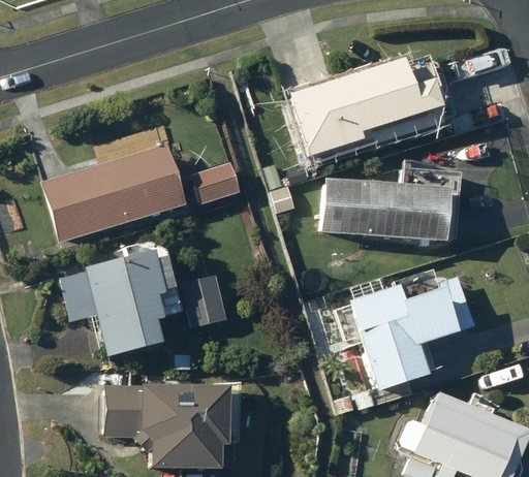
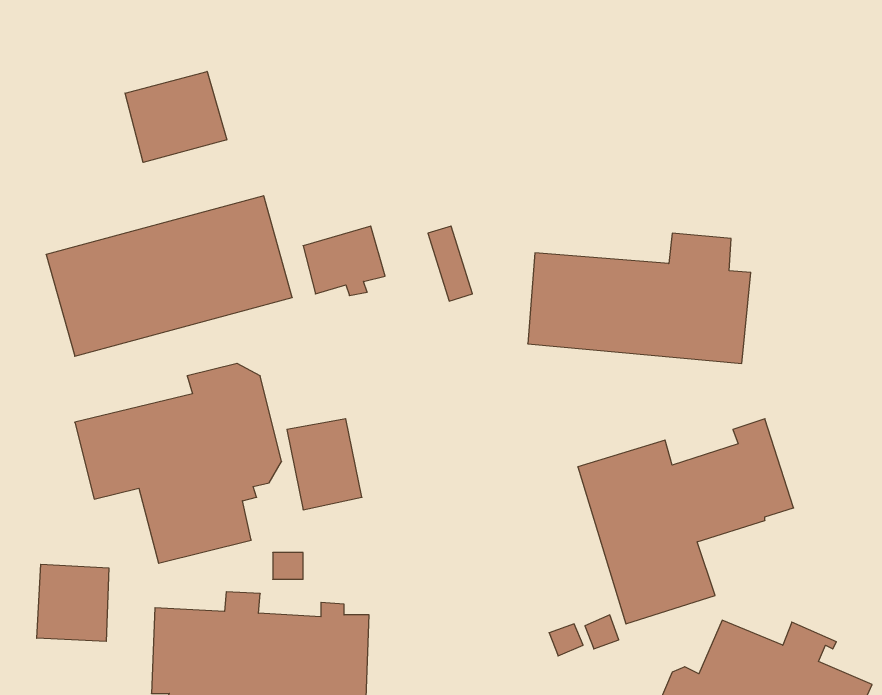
building: [290,60,447,162] -> none
building: none -> [125,71,227,162]
building: none -> [37,564,109,641]

